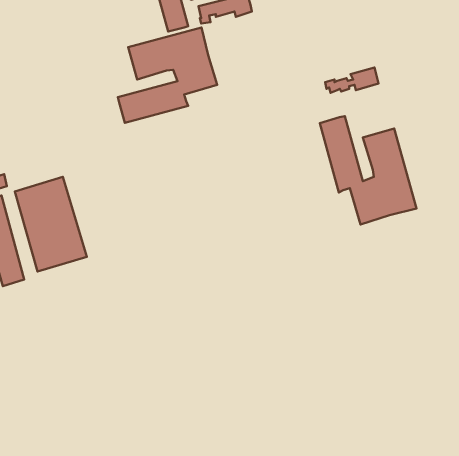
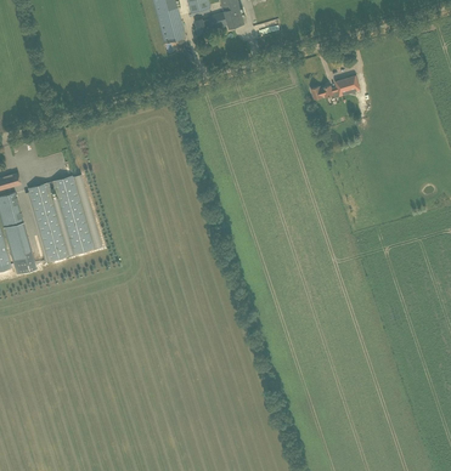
building: [118,27,217,123] -> none
building: [320,116,416,225] -> none

